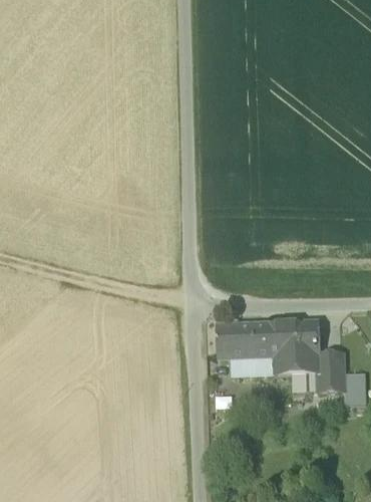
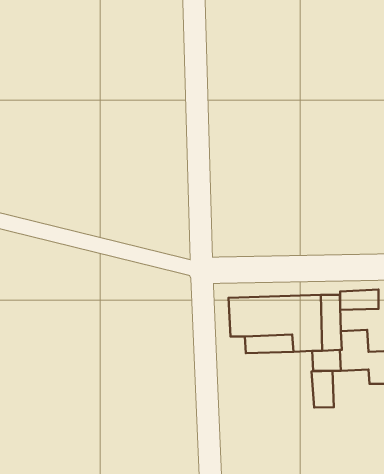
building: none -> [340,289,379,310]
building: none -> [311,371,334,408]

